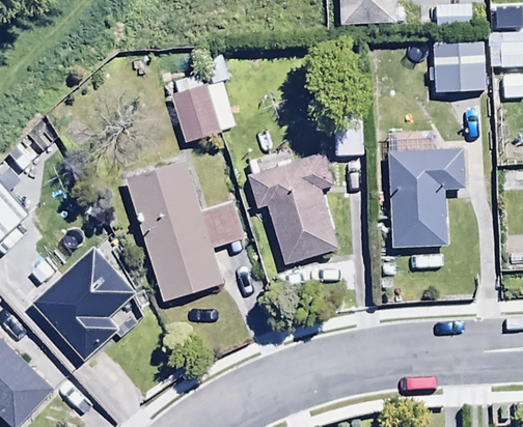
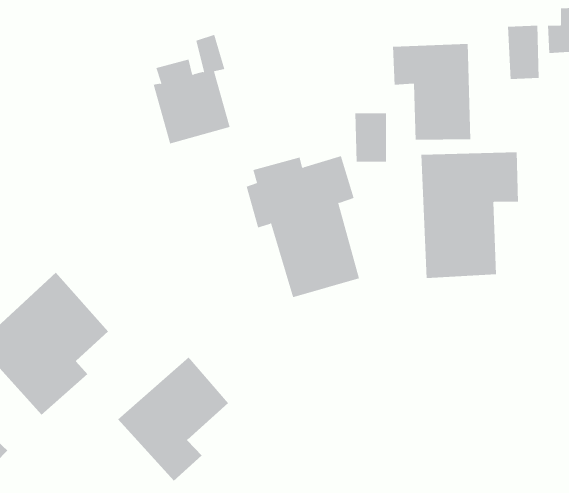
building: none -> [393,43,471,141]
building: [125,158,243,303] -> none
building: none -> [117,357,229,481]

